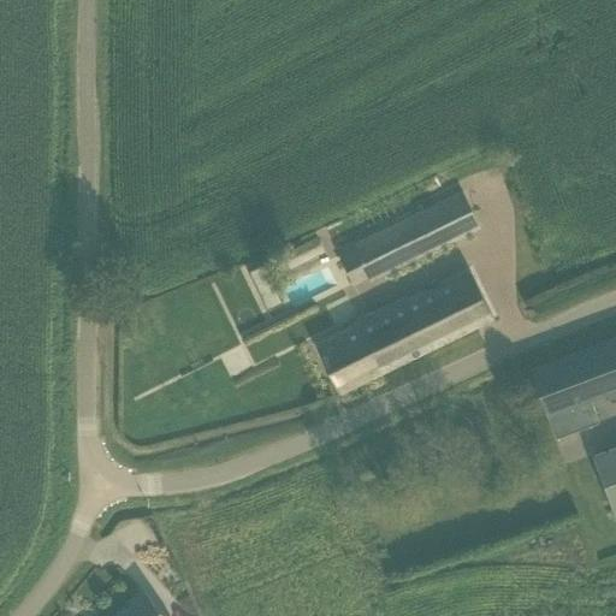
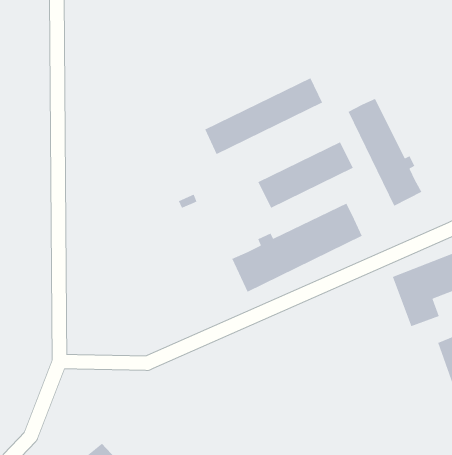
building: none -> [204,77,323,155]
building: none -> [347,98,422,207]

